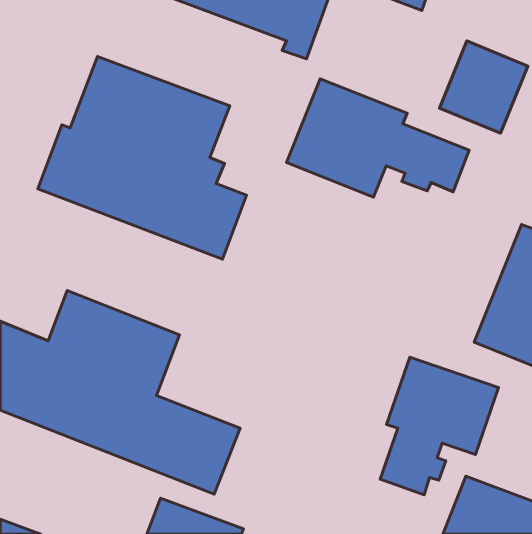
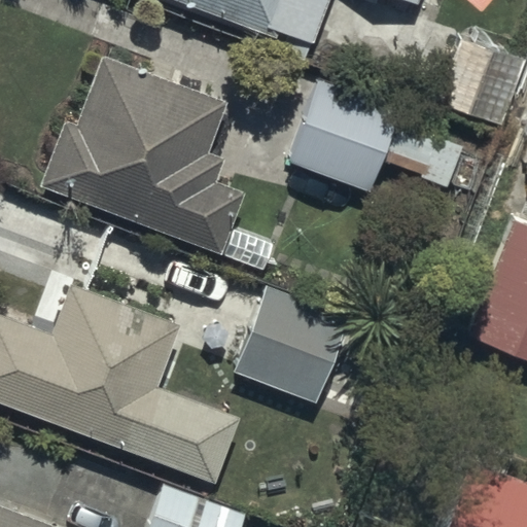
building: none -> [236,285,383,399]
building: [380,357,499,495] -> none

